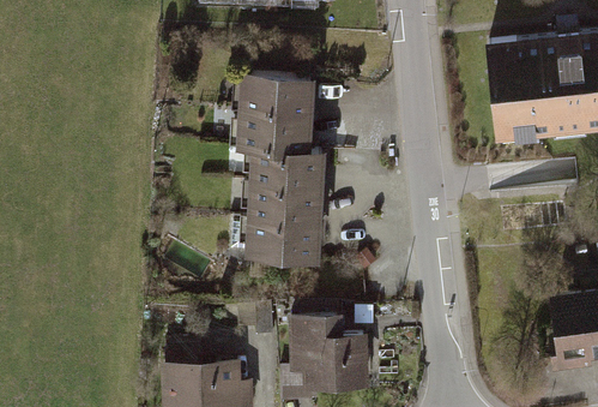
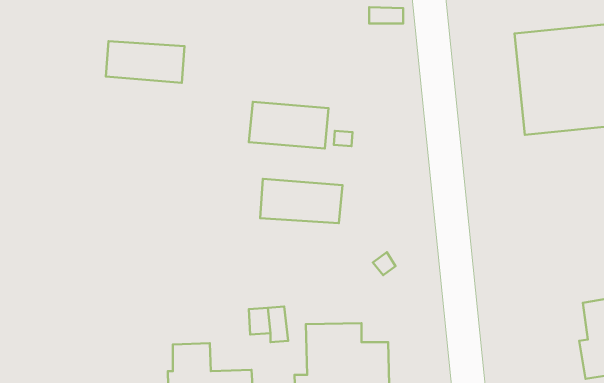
building: [241,73,315,113] -> [106,41,184,83]
building: [250,146,328,186] -> none
building: [231,217,322,265] -> none

